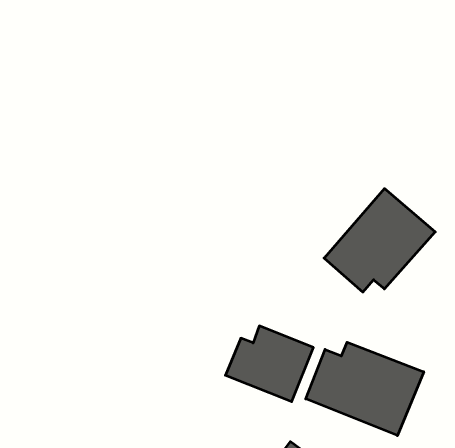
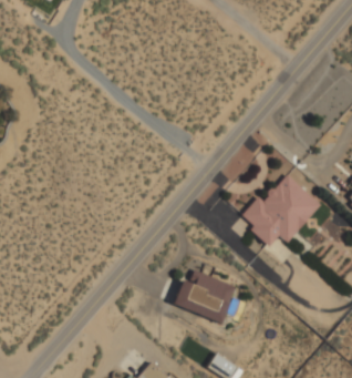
building: [306,342,424,436] -> none

